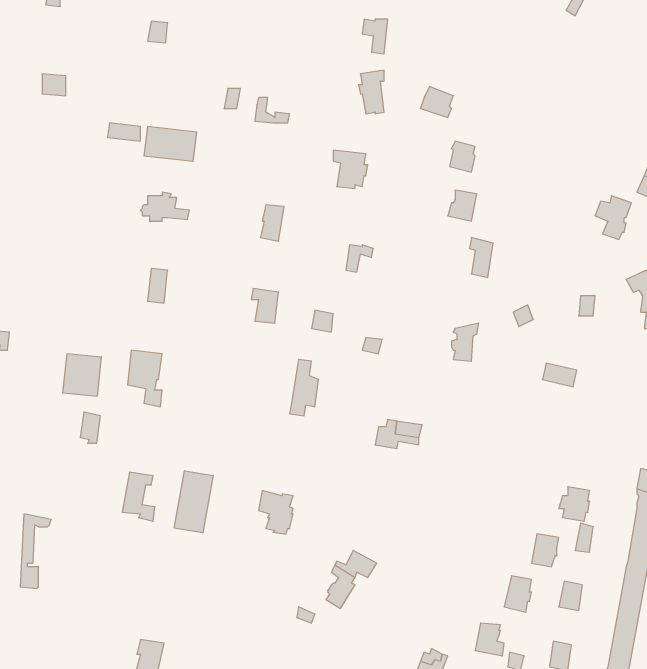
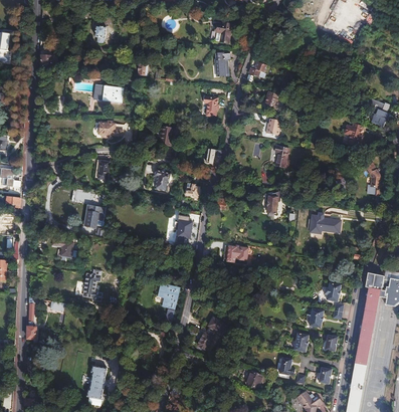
building: [63,354,101,396] -> none
building: [174,471,213,533] -> none

